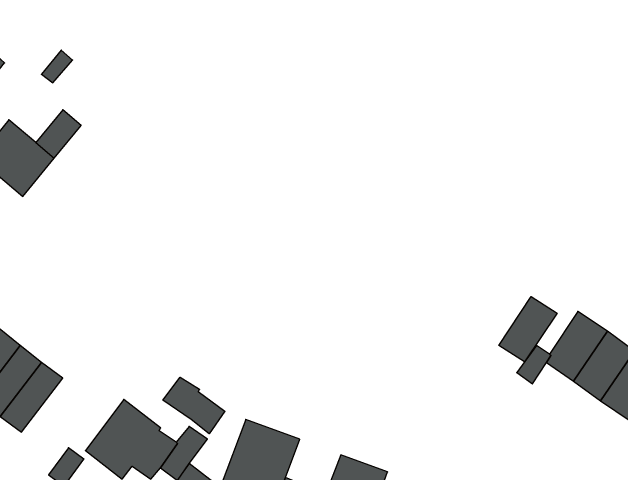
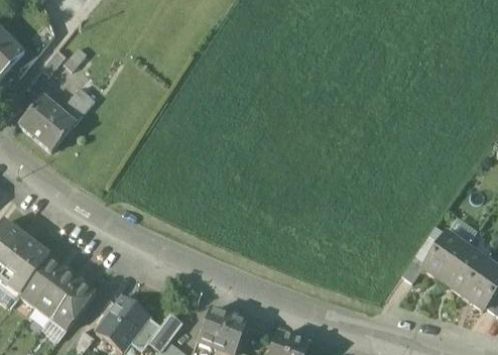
building: [499,297,557,362] -> none
building: [163,377,225,434] -> none
building: none -> [49,278,95,329]

